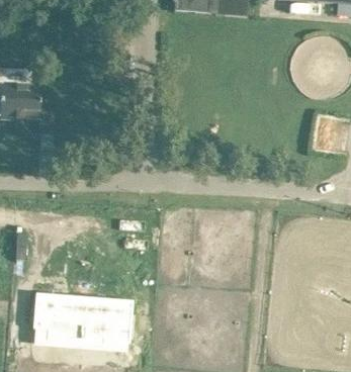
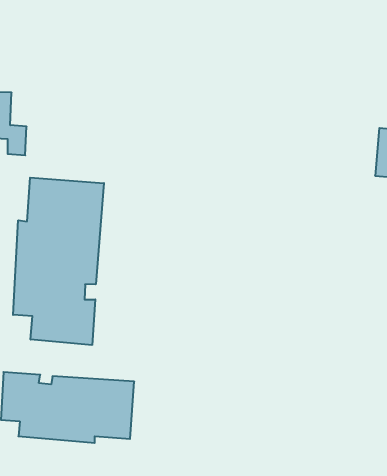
building: none -> [13,178,104,345]

